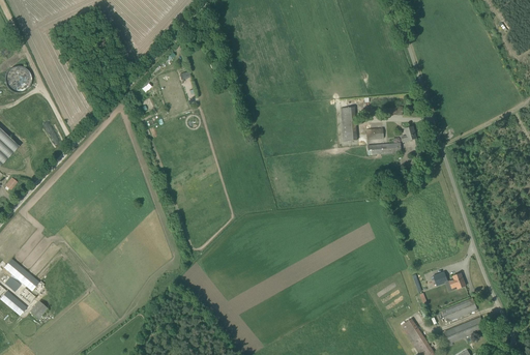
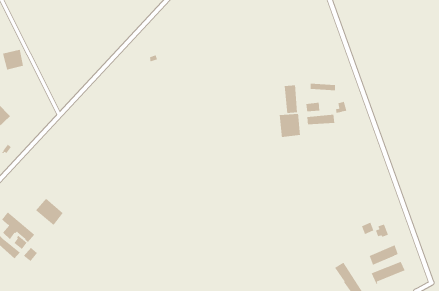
building: none -> [279,113,300,138]
building: none -> [35,198,64,226]

